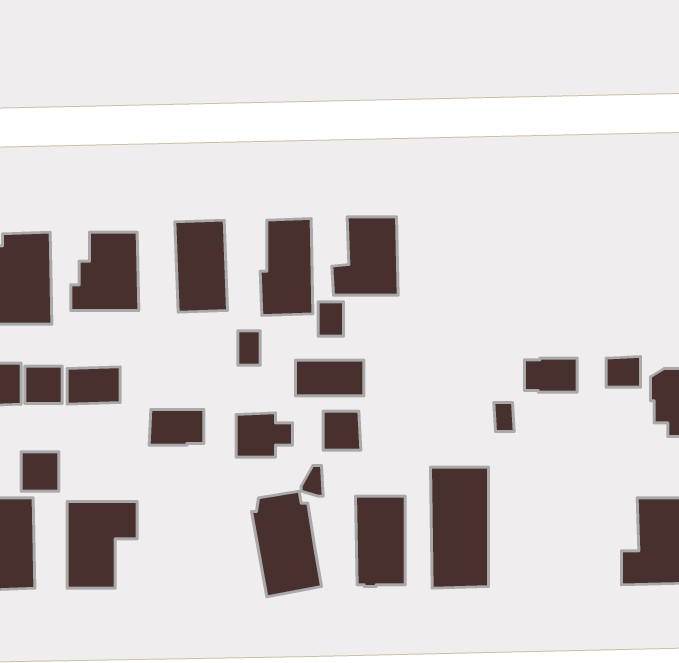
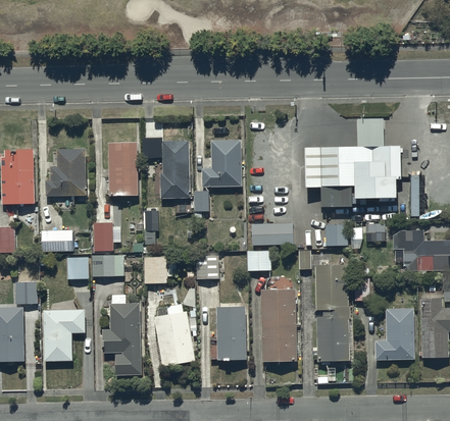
building: none -> [302,117,399,207]
building: none -> [94,222,113,251]
building: [295,360,364,396] -> [254,222,295,244]
building: [25,366,62,404] -> [66,257,89,279]
building: none -> [247,251,270,271]
building: none -> [314,265,348,361]
building: none -> [101,295,142,375]

